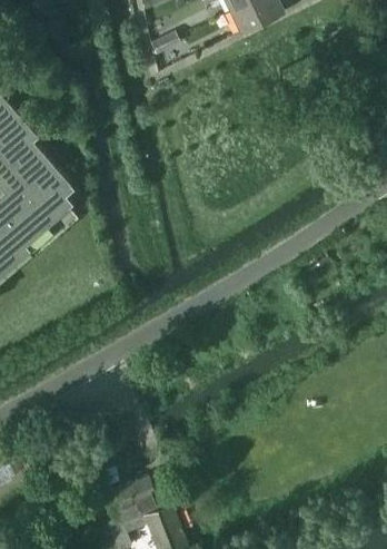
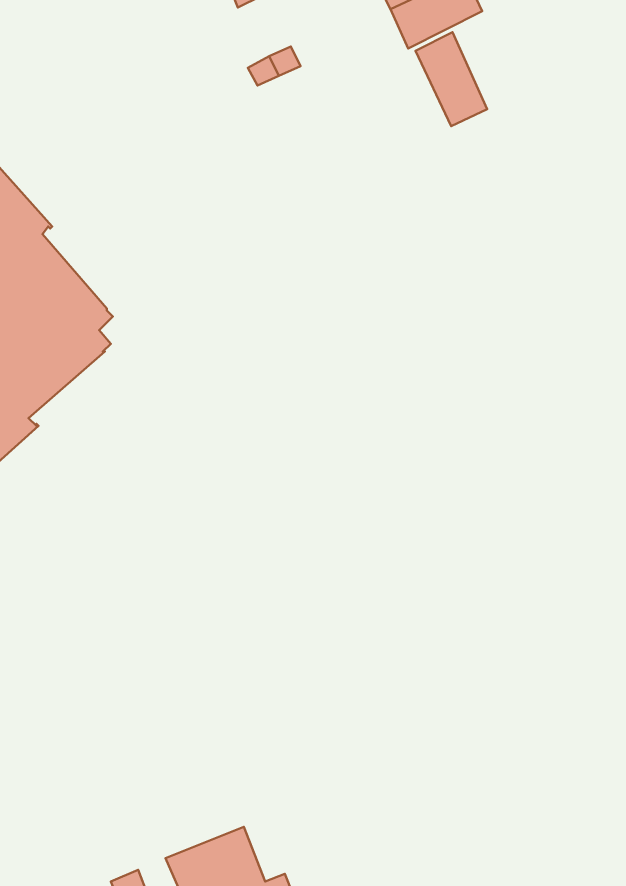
building: none -> [416,32,487,126]

